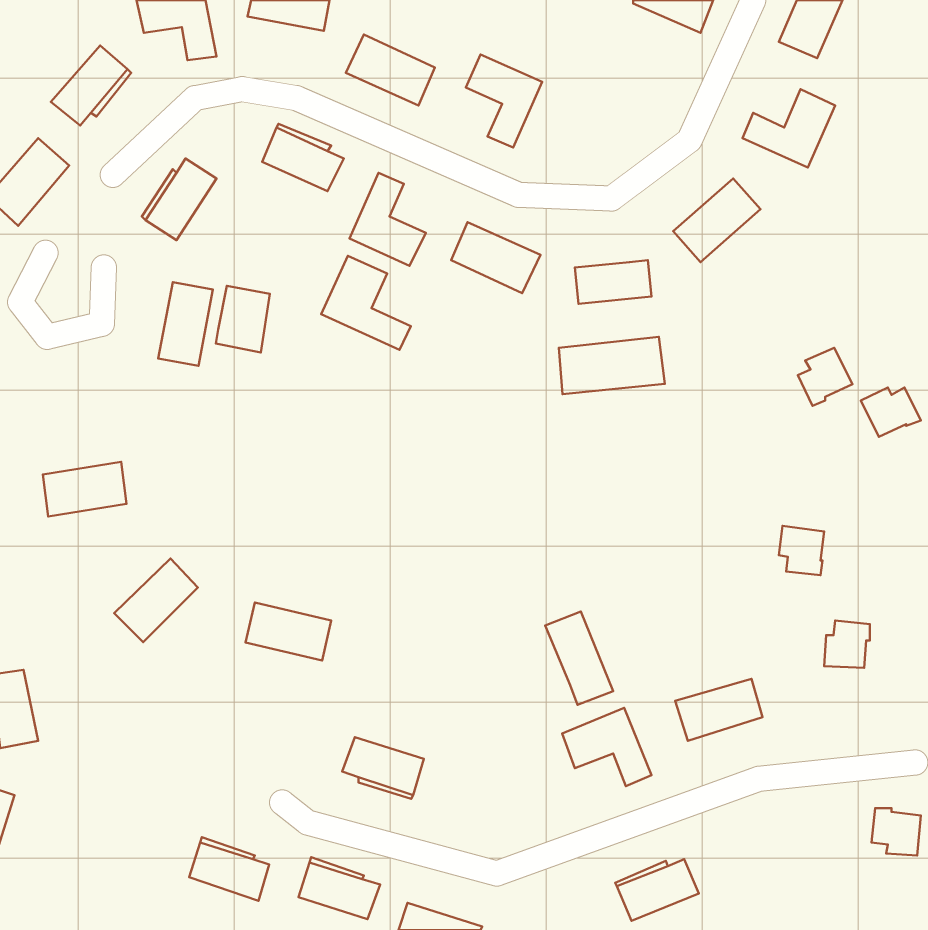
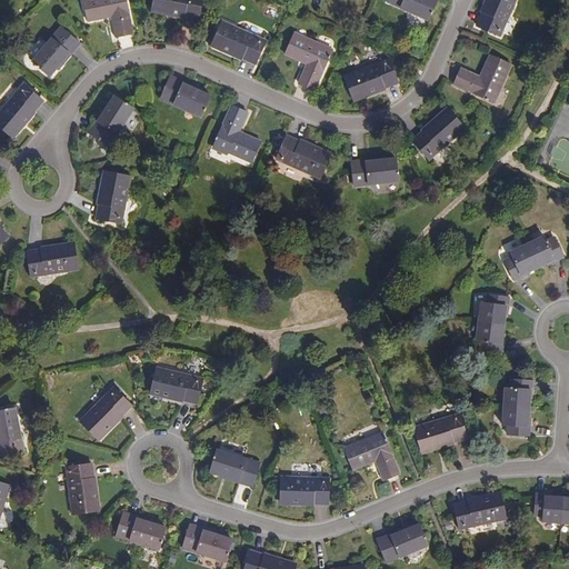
building: none -> [343,59,398,100]
building: [321,256,411,350] -> none
building: [216,286,270,352] -> none
building: [559,337,665,394] -> none
building: [798,348,852,406] -> [503,244,537,280]
building: [43,462,127,516] -> [27,244,78,278]
building: none -> [478,295,508,325]
building: [114,558,198,642] -> [79,388,130,439]
building: [545,612,613,705] -> none
building: none -> [502,407,529,436]
building: none -> [67,463,97,515]
building: none -> [280,477,328,503]
building: none -> [452,495,505,529]

